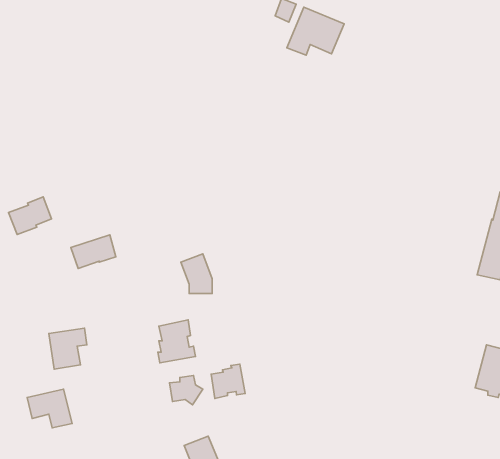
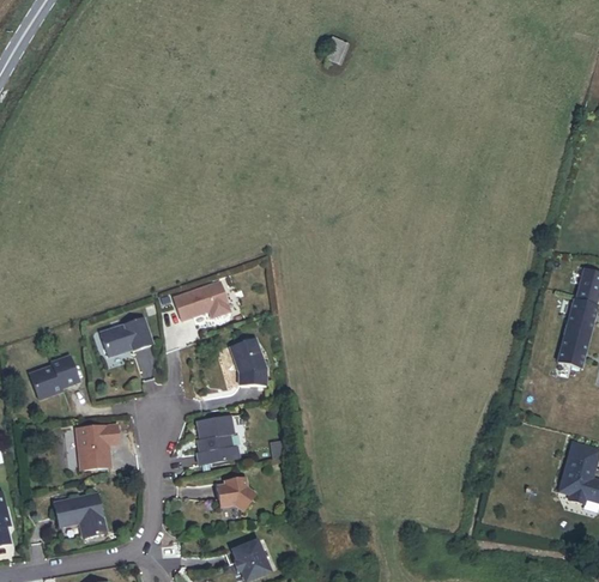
building: [287,7,344,55] -> none
building: [9,197,52,235] -> [26,354,75,398]
building: none -> [174,279,229,317]
building: [211,364,245,399] -> none

